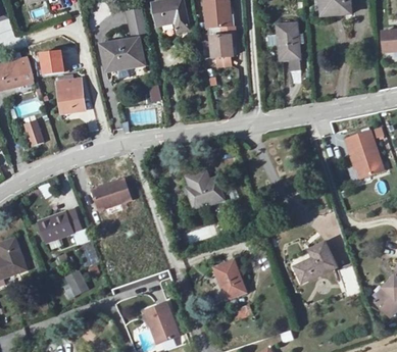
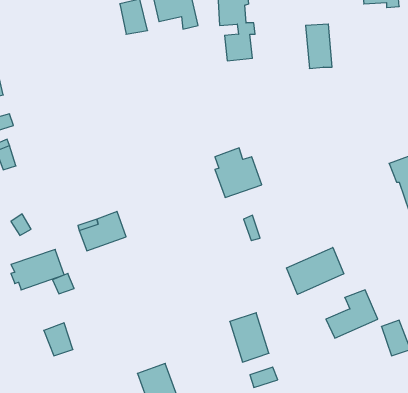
building: [102,37,145,68] -> none
building: [40,48,65,73] -> none
building: [56,79,84,113] -> none
building: [187,169,225,209] -> [215,148,262,197]
building: none -> [286,247,344,294]

